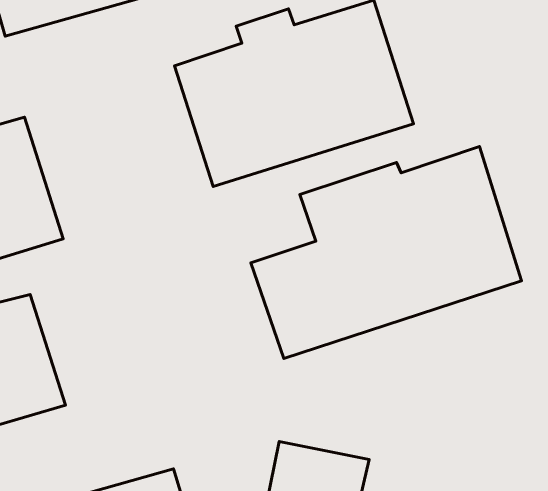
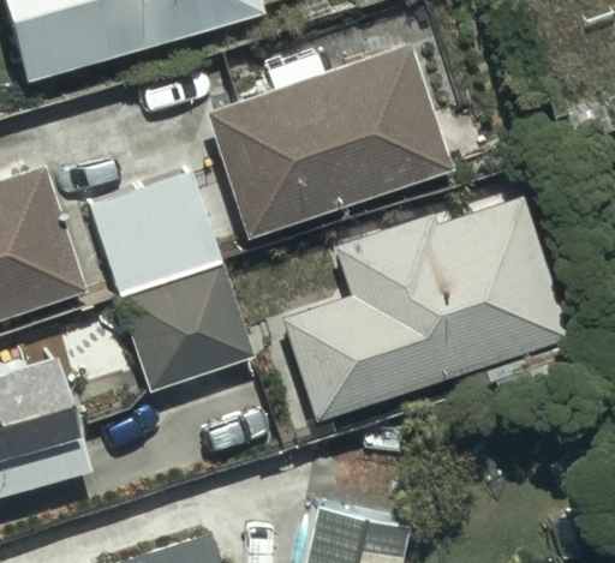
building: none -> [89,173,255,395]

